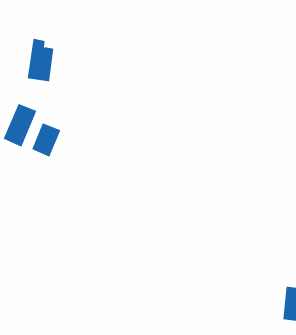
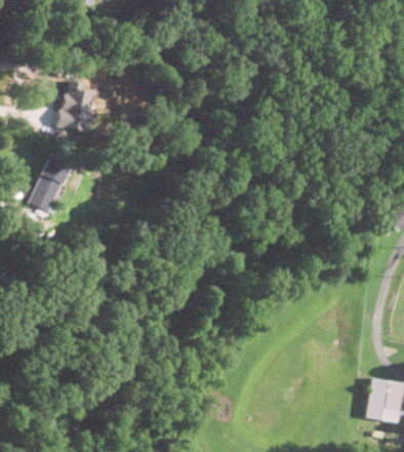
building: [31,123,61,157] -> none

